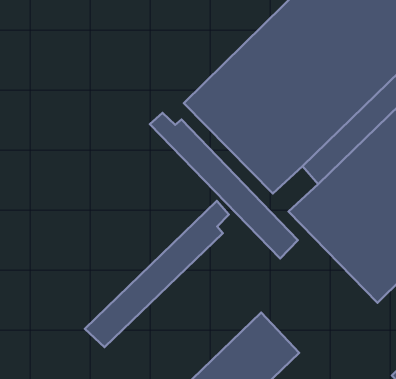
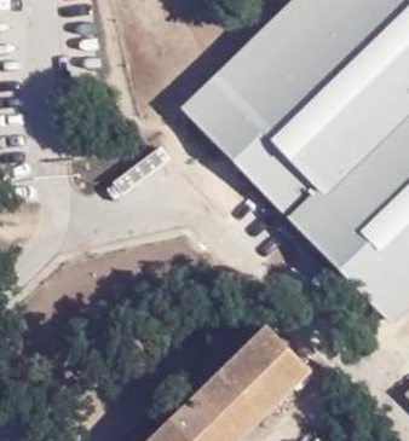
building: [150,113,298,258] -> none
building: [85,201,229,347] -> none

